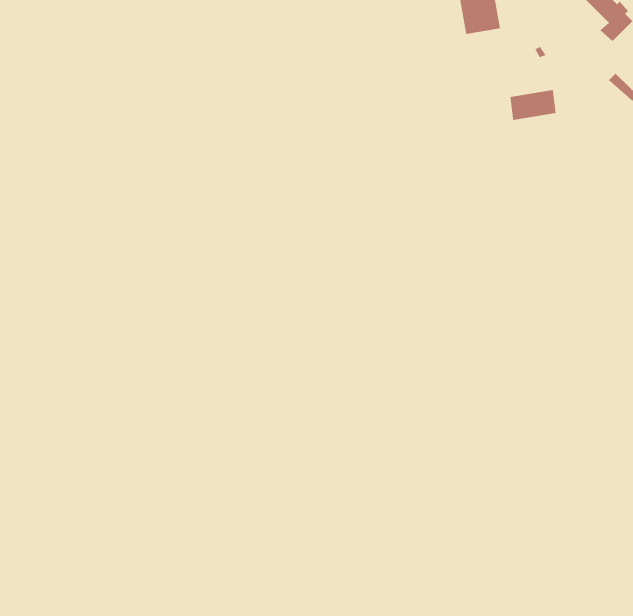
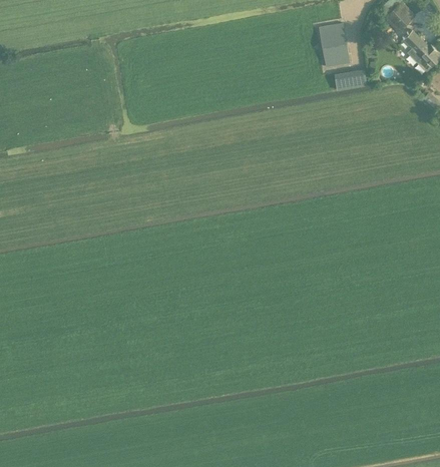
building: [509,90,557,120] -> [334,69,366,90]

